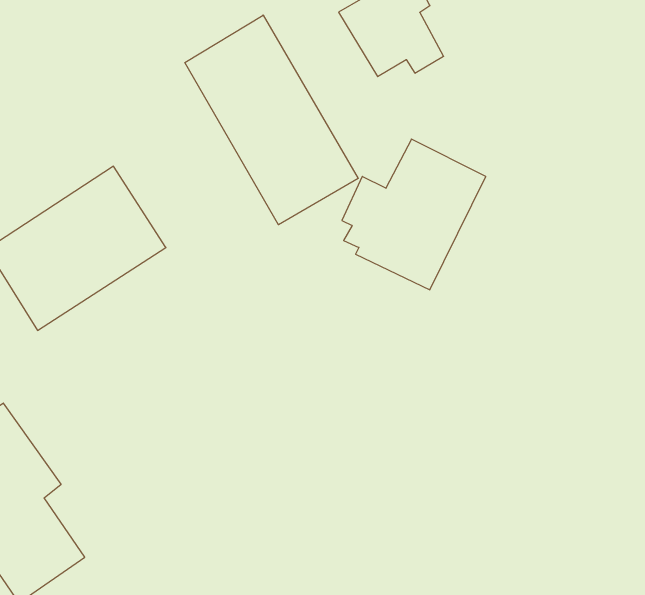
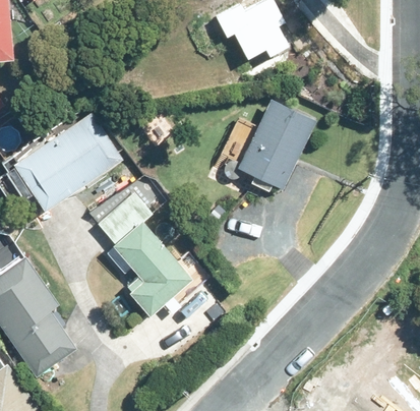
building: [185,15,358,225] -> none
building: none -> [95,190,193,316]

